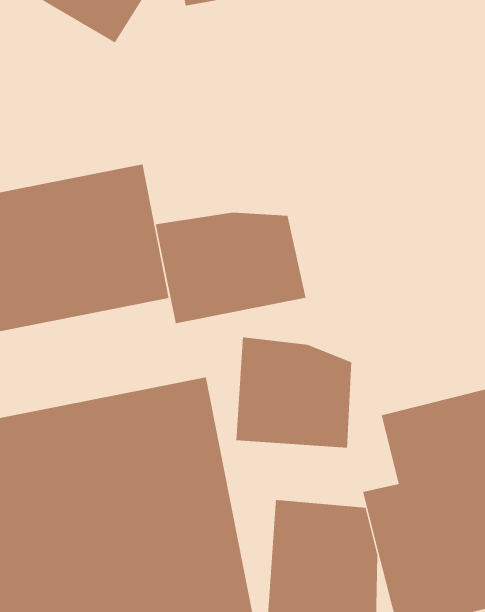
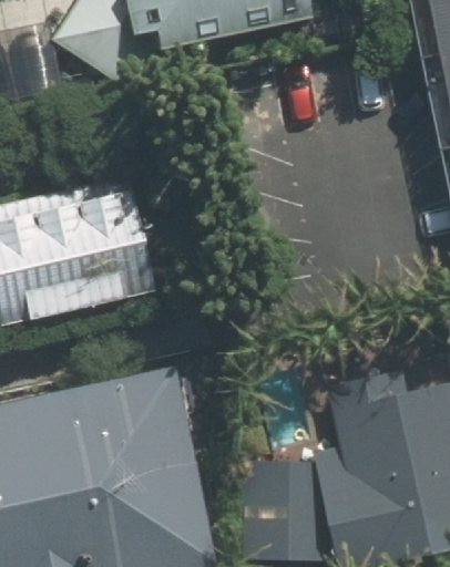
building: [155,212,307,324] -> none
building: [236,337,352,449] -> none

